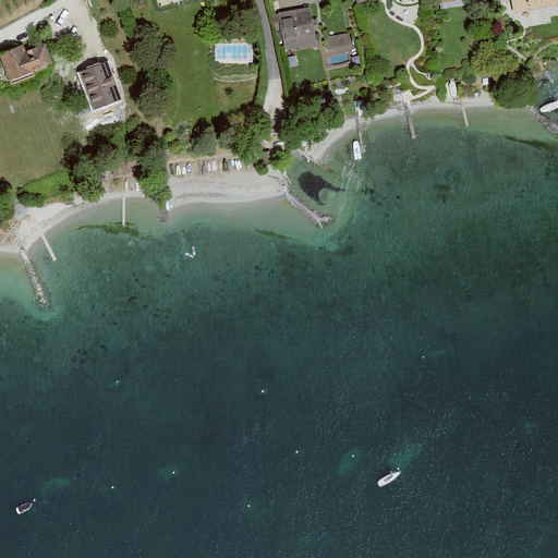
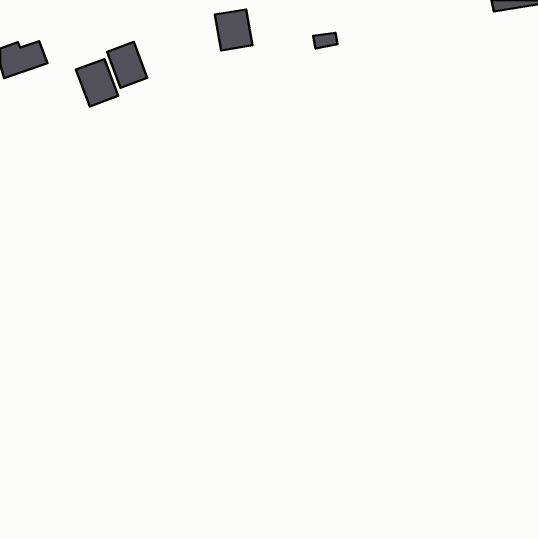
building: [277,8,316,50] -> [215,9,253,51]
building: none -> [107,42,147,88]

